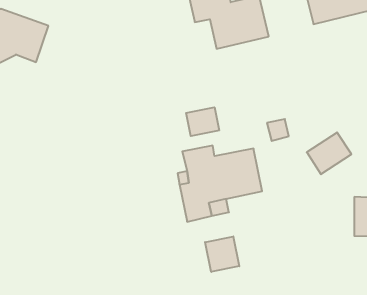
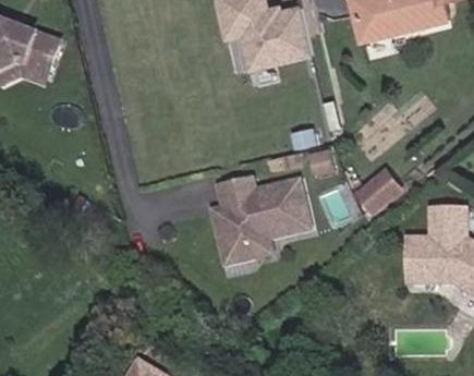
building: [186,107,219,136] -> none
building: [205,236,239,272] -> none

